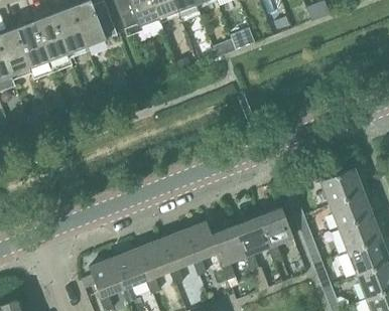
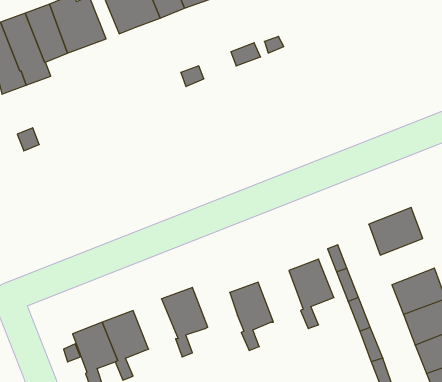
building: [330,191,372,227] -> none
building: [234,216,269,291] -> none
building: [182,220,218,275] -> none
building: [136,239,171,293] -> none

